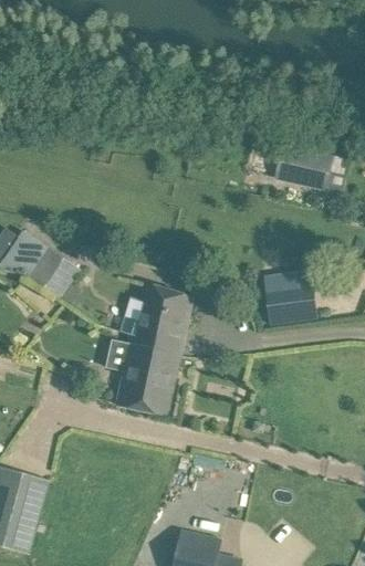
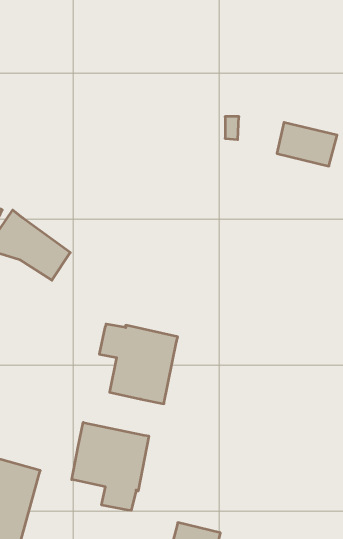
building: [263,280,315,323] -> none
building: [122,286,190,350] -> none
building: none -> [72,422,149,510]

